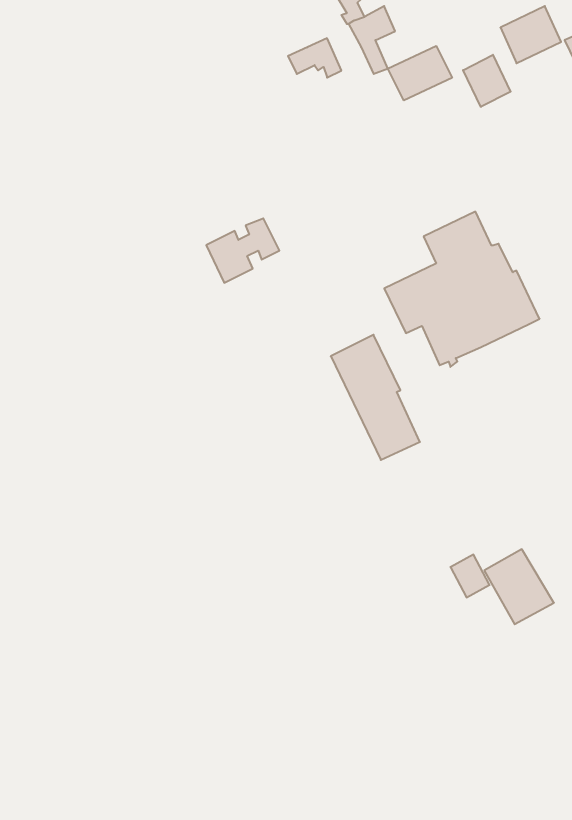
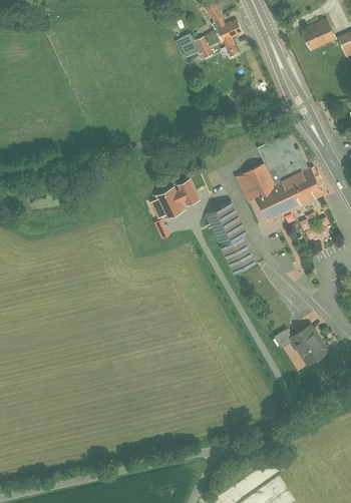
building: [388,46,452,100] -> none
building: [463,55,511,107] -> none
building: [206,218,279,283] -> [156,181,198,217]

